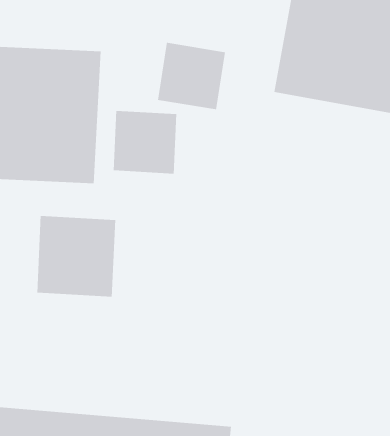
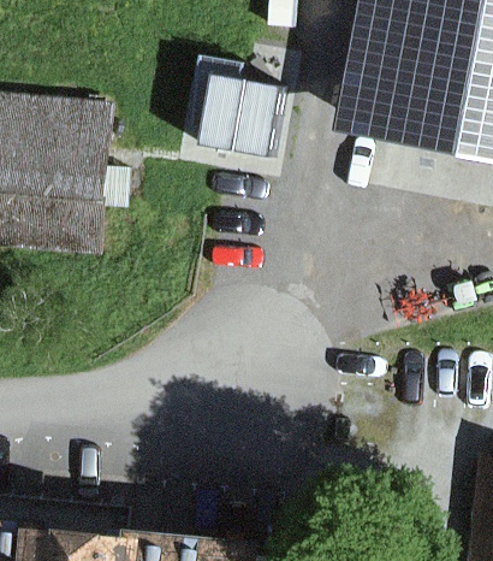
building: [113,110,177,174] -> none
building: [37,215,116,297] -> none

